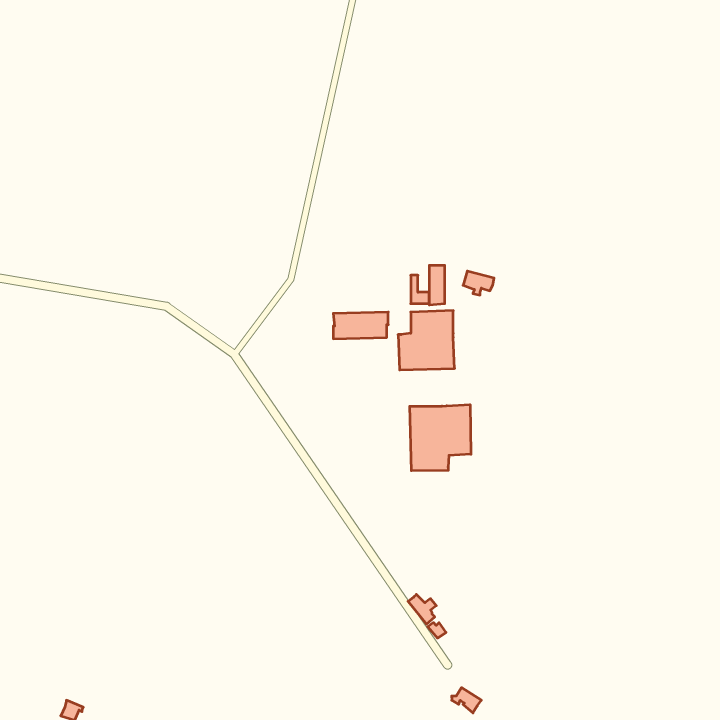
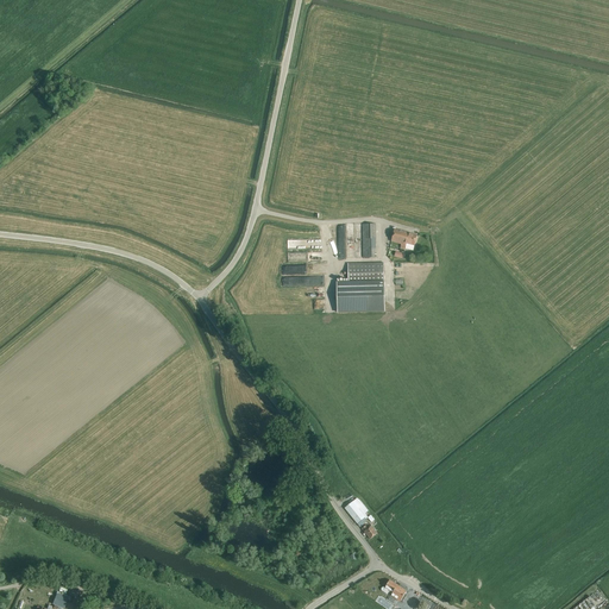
building: [410,405,471,471] -> none

